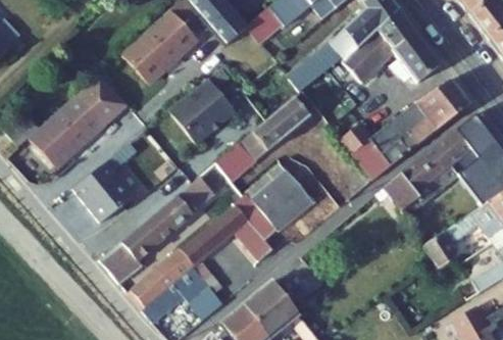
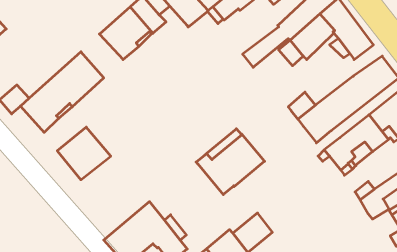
building: [170,78,237,143] -> none
building: [218,95,310,180] -> none
building: [102,176,216,283] -> none
building: [183,203,274,263] -> none

